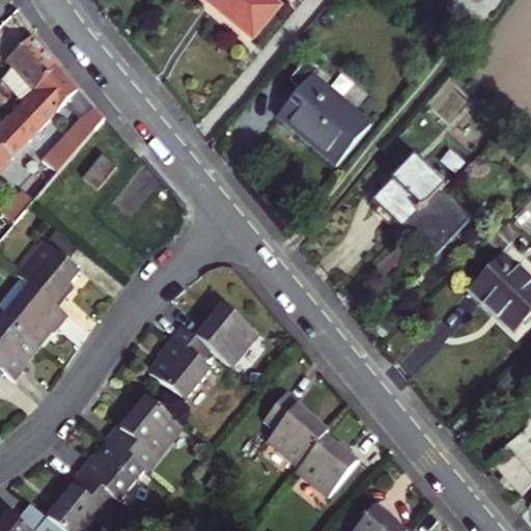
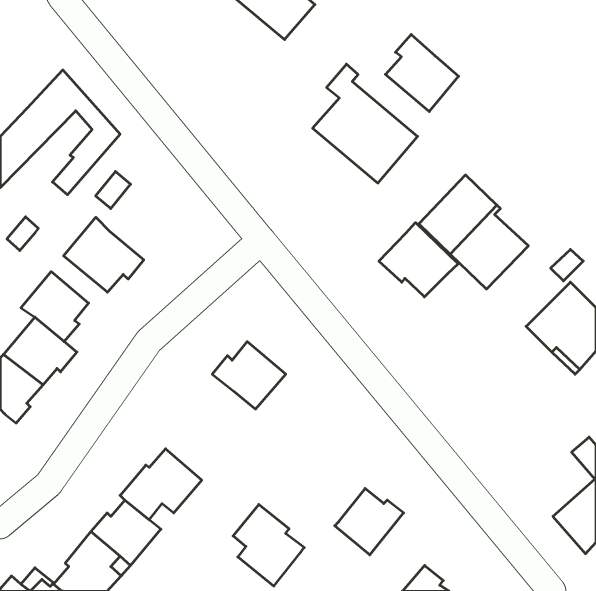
building: none -> [385,34,459,112]
building: [5,33,56,96] -> none
building: none -> [64,217,144,292]
building: none -> [379,223,458,297]
building: [147,325,208,401] -> none
building: [264,392,328,465] -> [233,504,304,586]

